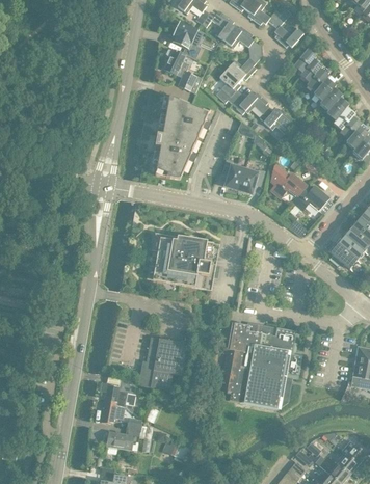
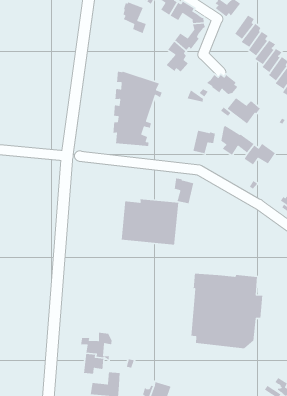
building: [164,49,203,92] -> none
building: [232,91,268,113] -> none
building: none -> [227,97,261,125]
building: [222,159,245,189] -> [174,178,194,204]
building: [138,337,188,389] -> none

